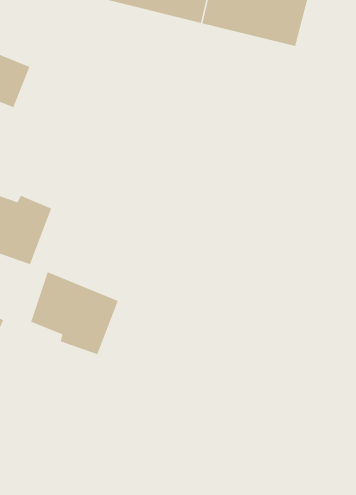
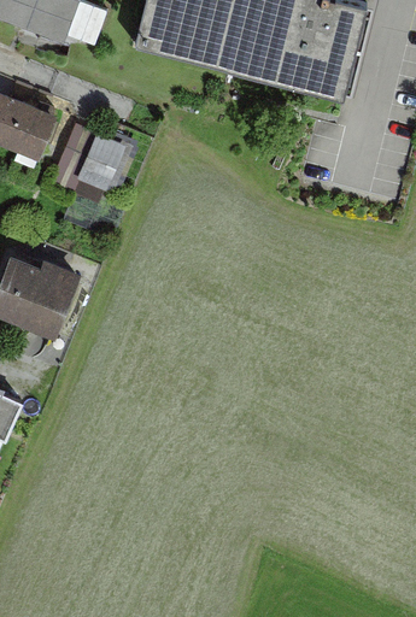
building: none -> [55,125,127,204]
building: [30,271,119,355] -> none

